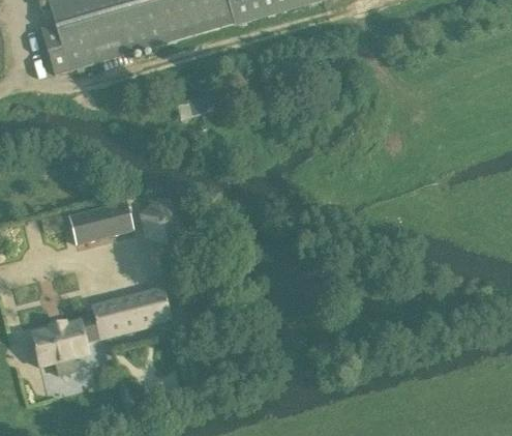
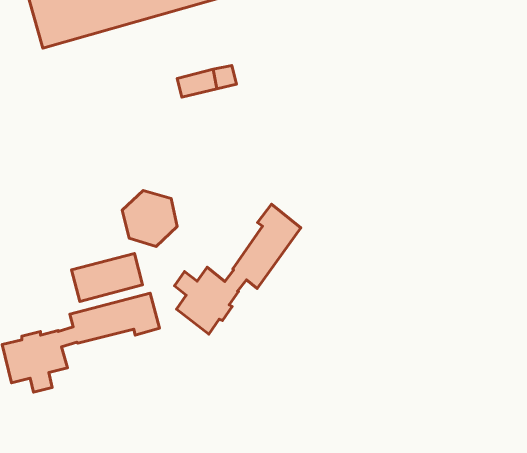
building: [68,203,131,245] -> [72,253,143,301]
building: none -> [175,204,301,334]

